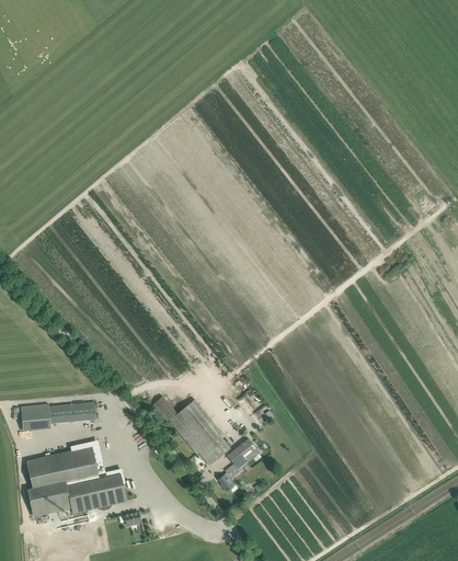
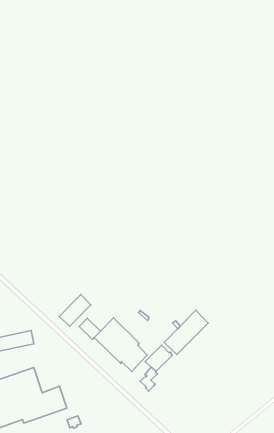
building: none -> [59,294,91,326]
building: none -> [164,310,208,354]

